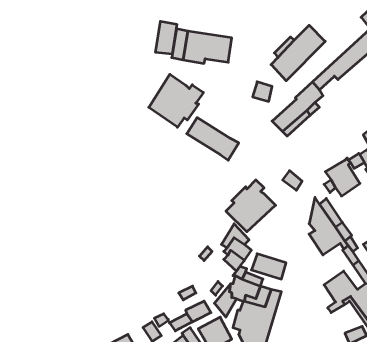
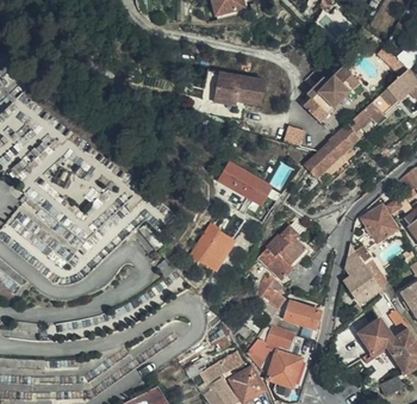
building: [156,21,177,54] -> none
building: [149,74,203,127] -> none
building: none -> [189,222,238,272]

